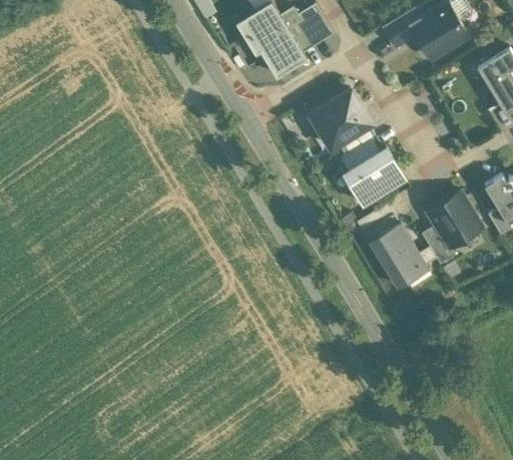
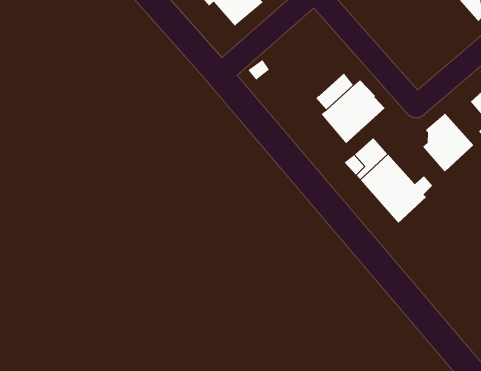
building: [311,90,369,148] -> none
building: [422,225,456,265] -> none

